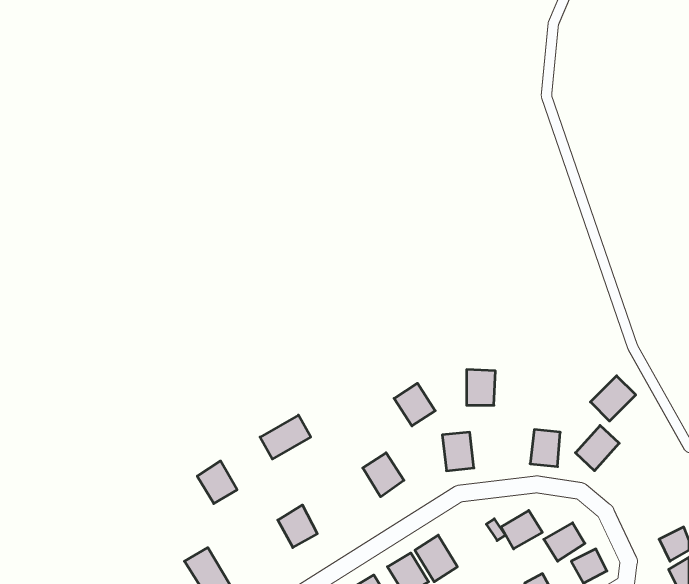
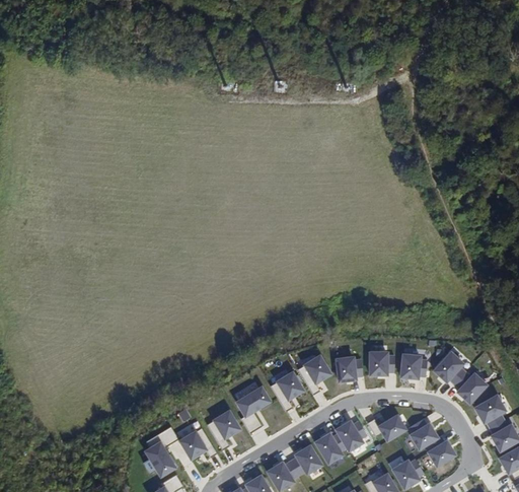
building: [467,370,495,405] -> [368,350,389,376]
building: [590,376,636,421] -> [455,371,489,405]
building: [394,383,435,426] -> [302,353,332,384]
building: [260,415,311,459] -> [234,385,272,418]
building: [197,461,237,504] -> [177,429,207,461]
building: none -> [473,394,507,425]
building: none -> [333,418,365,451]

